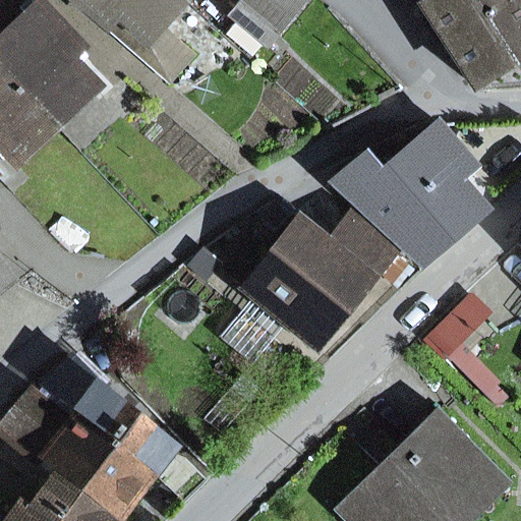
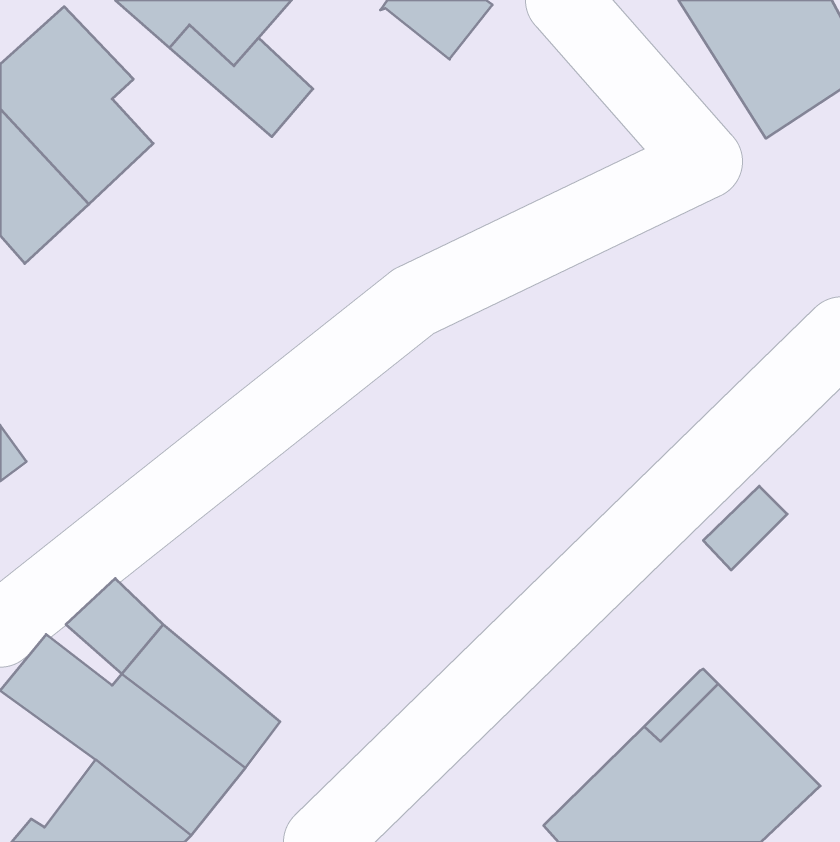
building: [332,122,484,266] -> none
building: [228,217,393,347] -> none

